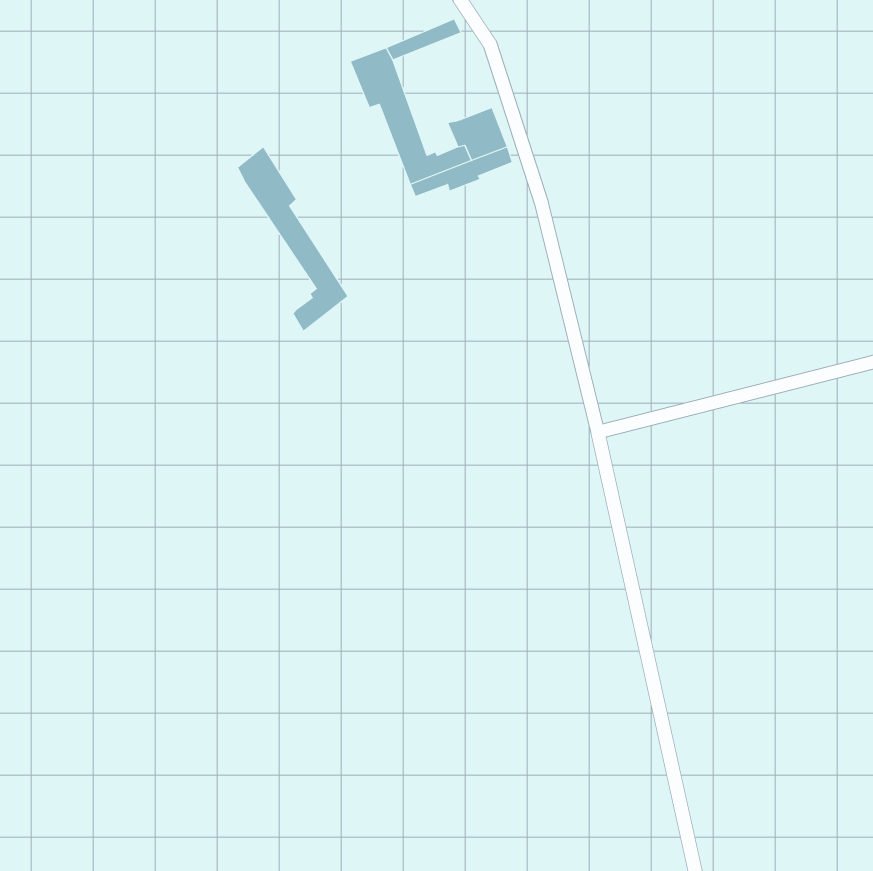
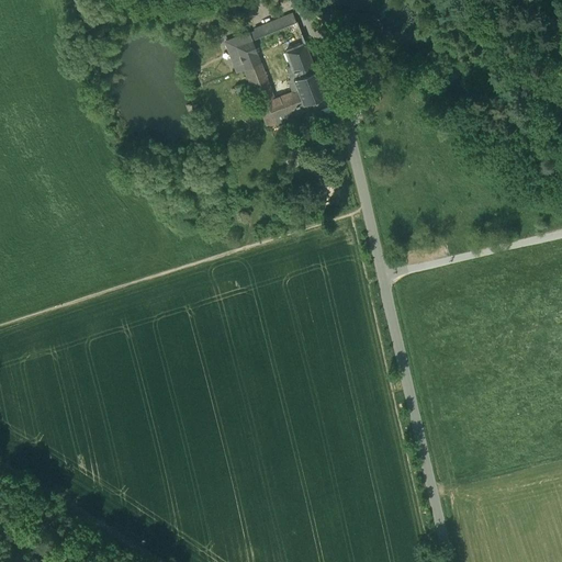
building: none -> [285,43,316,77]
building: [237,146,348,332] -> none

